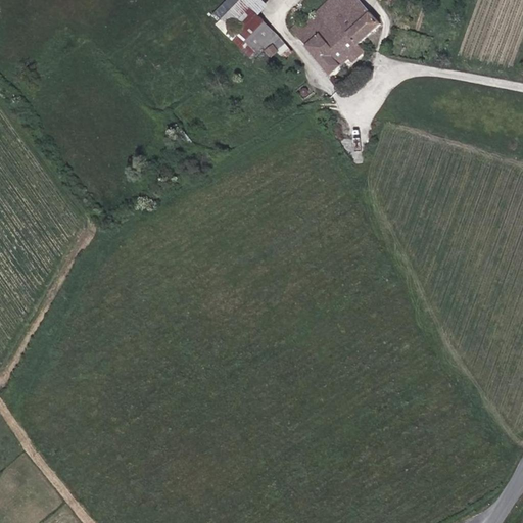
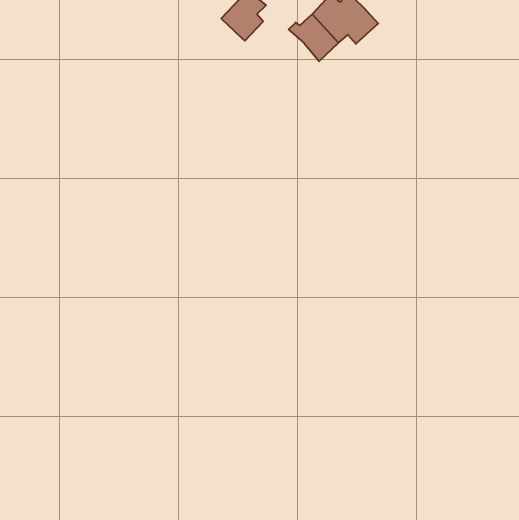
building: [236,21,289,58] -> none
building: [320,35,364,74] -> none

